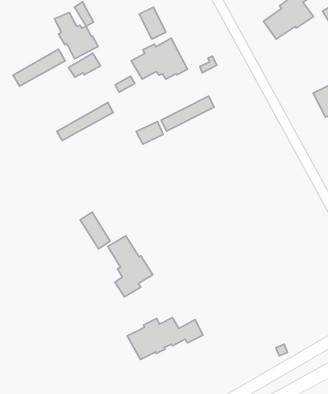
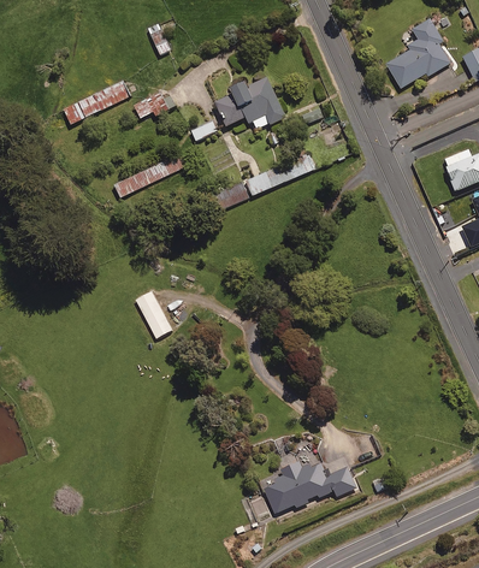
building: [139,7,166,39] -> none
building: [55,12,98,59] -> none
building: [108,236,153,297] -> none
building: [127,317,203,359] -> [260,462,356,513]

